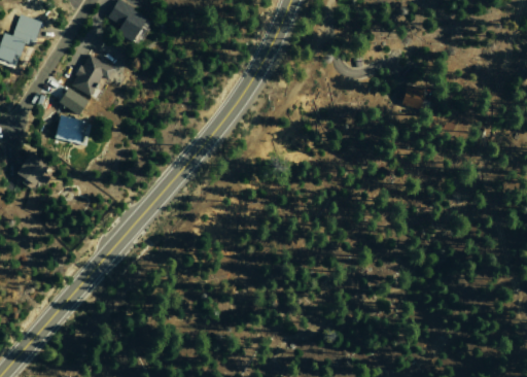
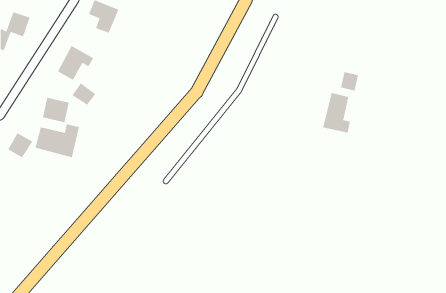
building: [59,89,87,115] -> [72,83,96,106]
building: none -> [323,92,350,134]
building: none -> [35,124,80,158]

